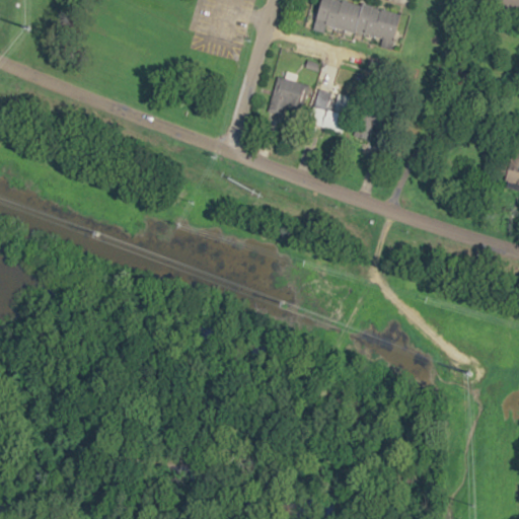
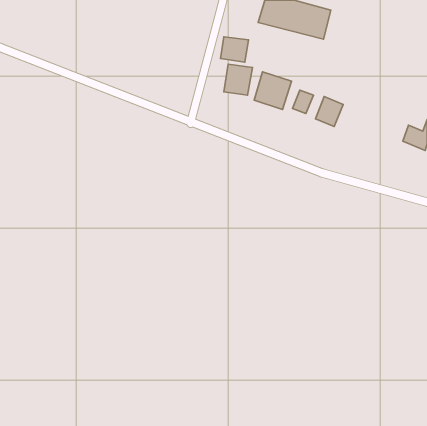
building: none -> [220,37,249,62]
building: none -> [316,96,343,127]

